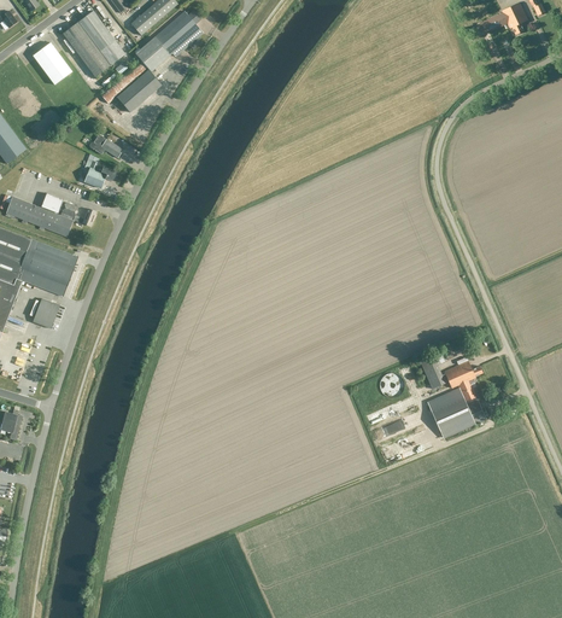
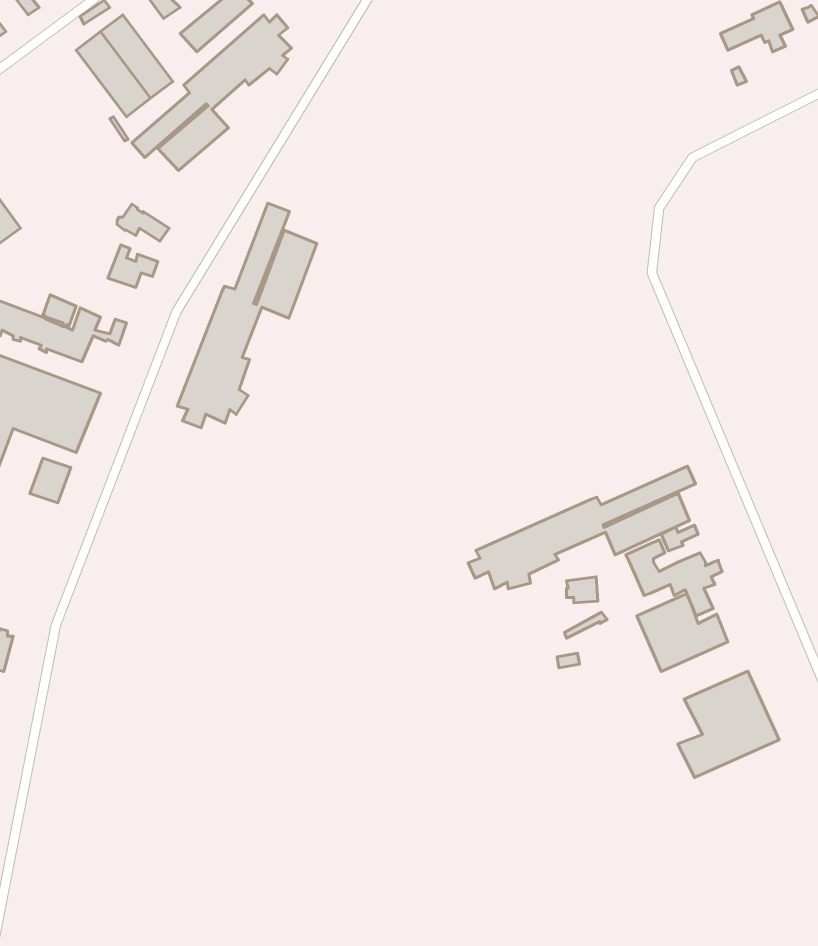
building: [31,41,70,83] -> none
building: none -> [177,203,317,428]
building: none -> [468,466,696,589]
building: none -> [678,671,779,778]

